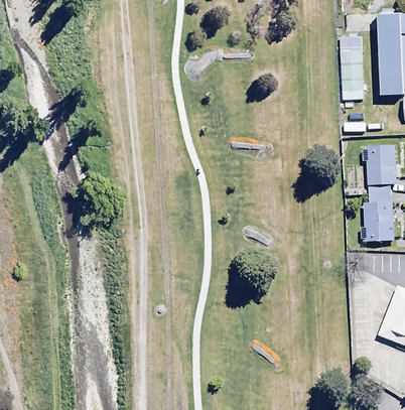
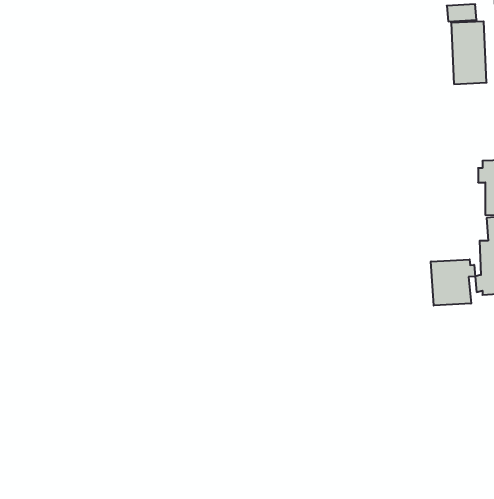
building: none -> [431,259,475,306]

